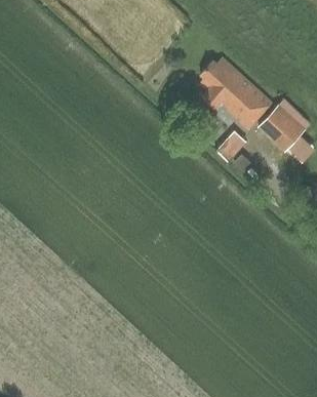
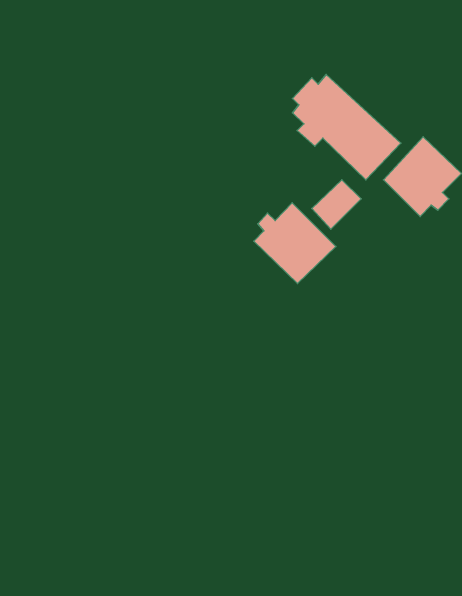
building: none -> [254,203,336,283]

